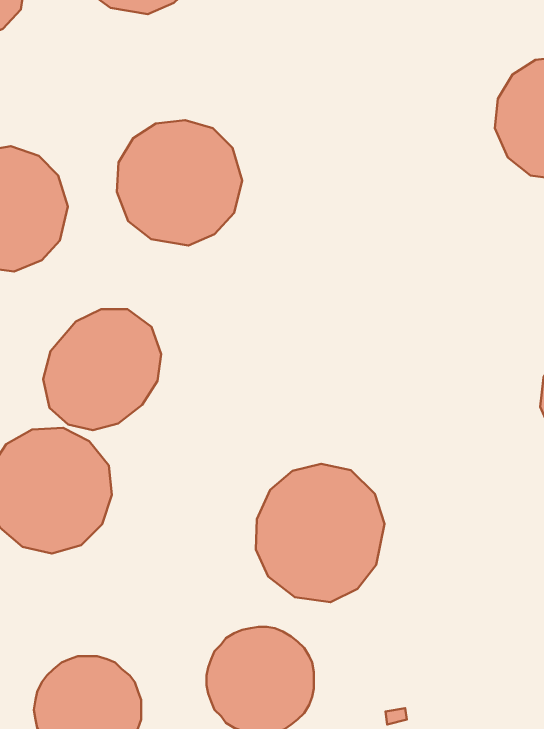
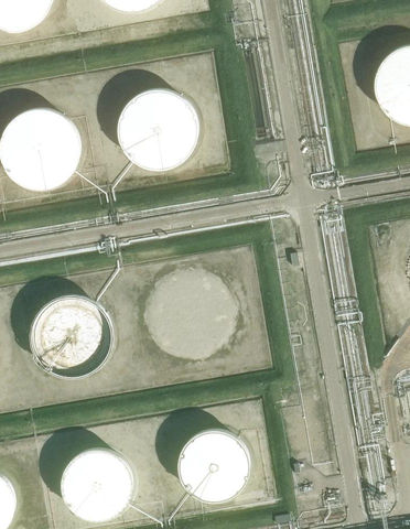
building: [43,309,161,430] -> none
building: [256,464,384,602] -> none

